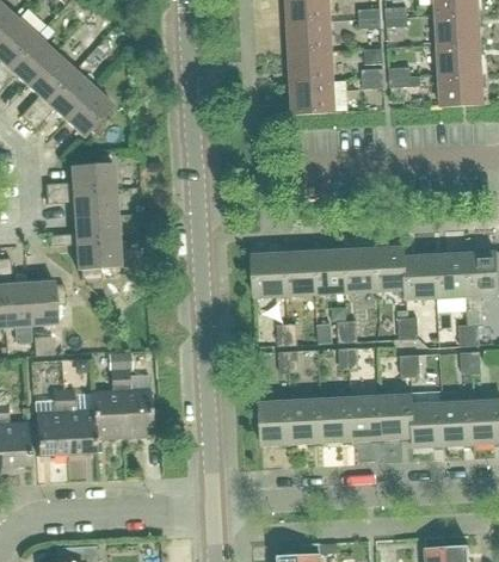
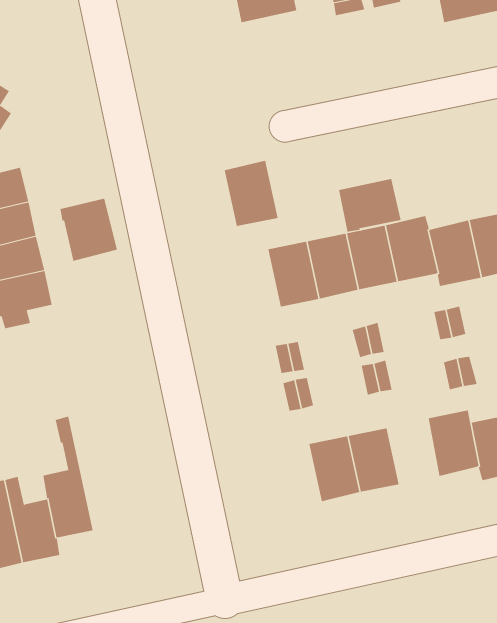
building: [290,80,335,115] -> none
building: none -> [60,198,118,262]
building: none -> [339,178,401,232]
building: [251,252,285,297] -> [224,160,279,227]
building: [117,351,152,438] -> none
building: [350,395,382,440] -> none
building: [259,400,292,445] -> none

